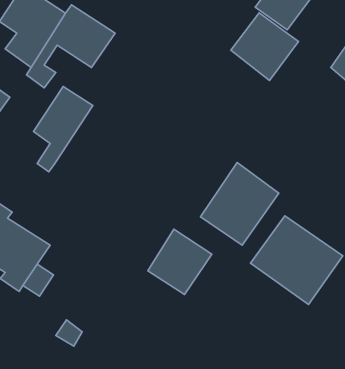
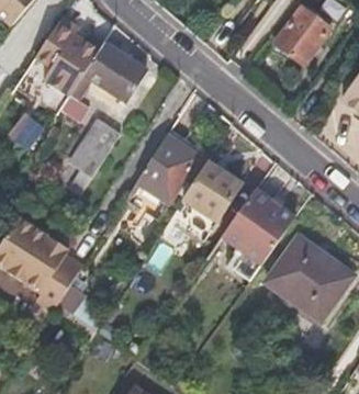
building: [231,13,298,80] -> none
building: none -> [136,136,198,202]
building: [148,229,212,294] -> [182,161,242,222]

